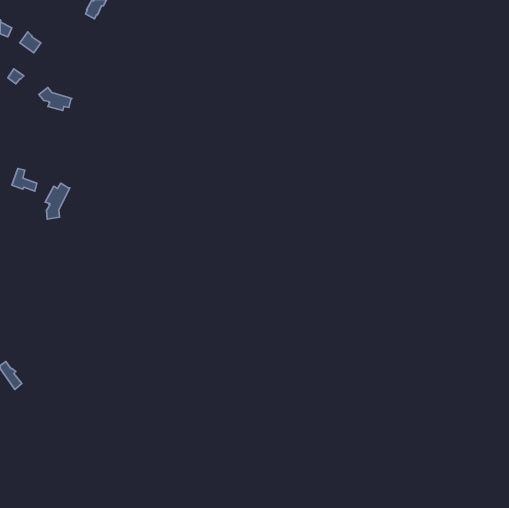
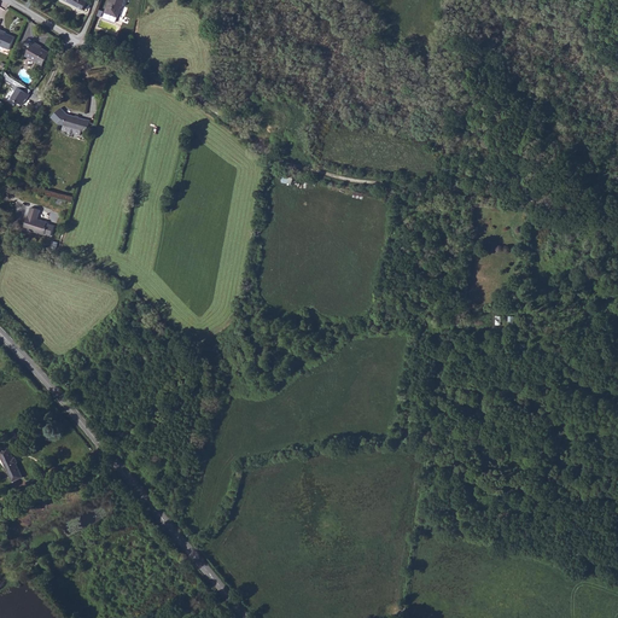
building: [45,183,70,219] -> none

